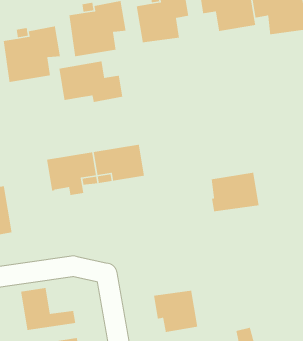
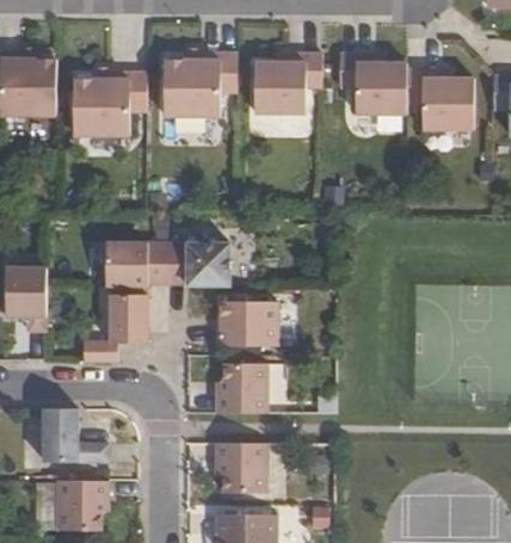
building: [58,60,123,103] -> none
building: [211,172,259,212] -> [216,301,277,346]
building: none -> [84,284,147,360]
building: none -> [216,363,266,413]

